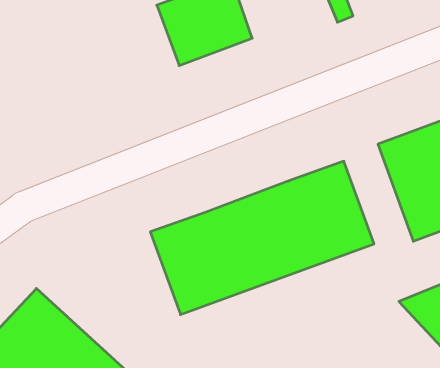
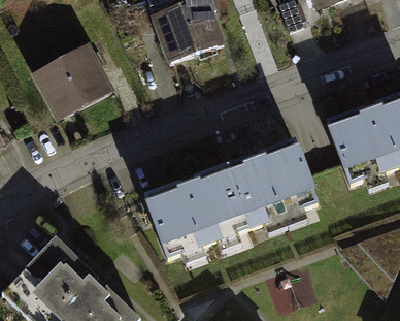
building: none -> [32,42,112,118]

